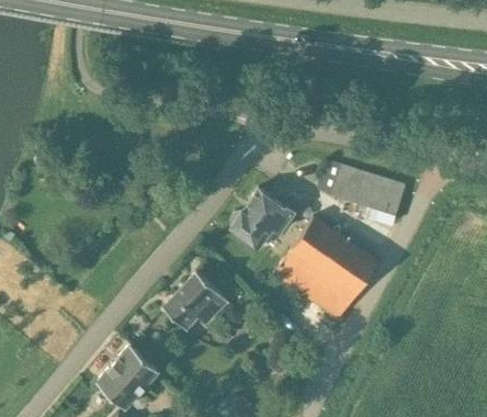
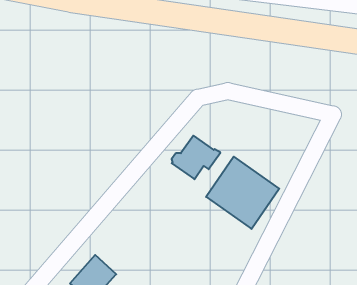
building: [319,160,410,224] -> none
building: [163,272,228,330] -> none

